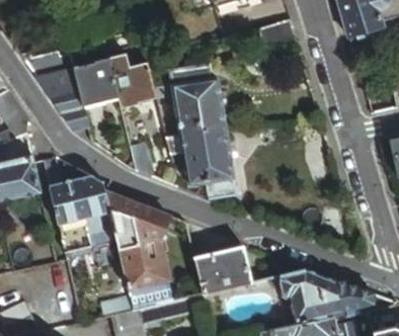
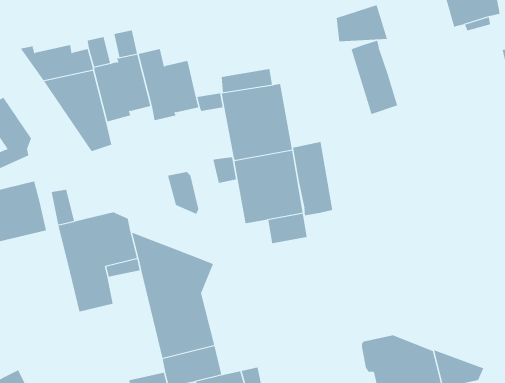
building: none -> [351,40,398,115]
building: none -> [292,141,333,216]
building: [194,247,251,293] -> none

